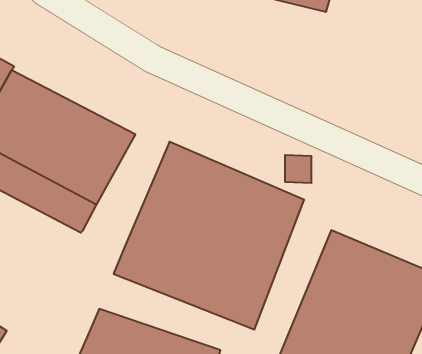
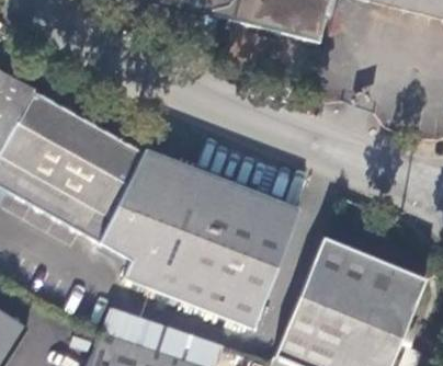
building: none -> [99,147,177,254]

